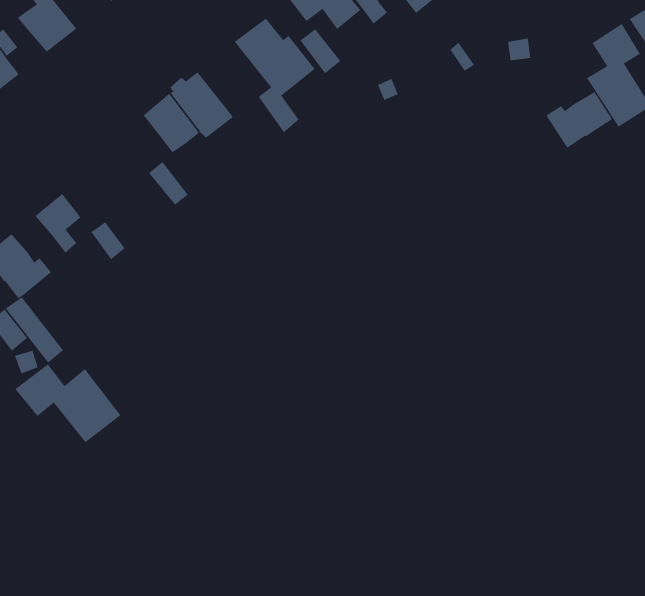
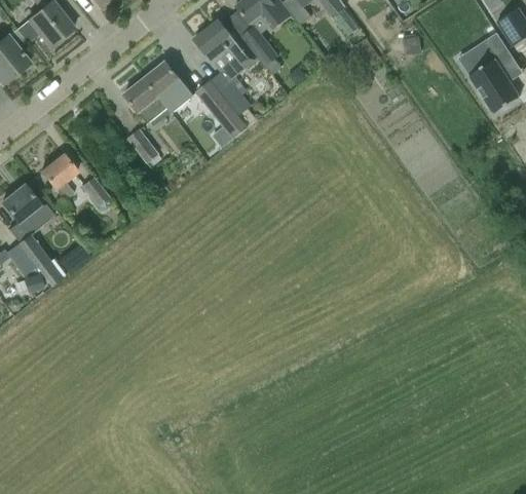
building: [546,91,613,149] -> none
building: none -> [197,81,246,138]
building: [15,363,121,443] -> none

